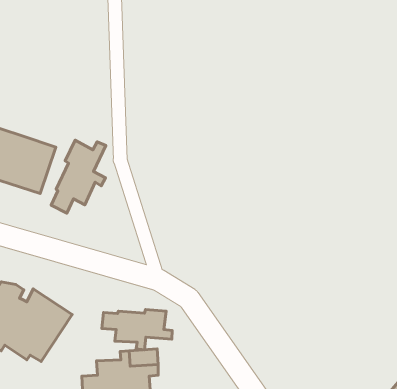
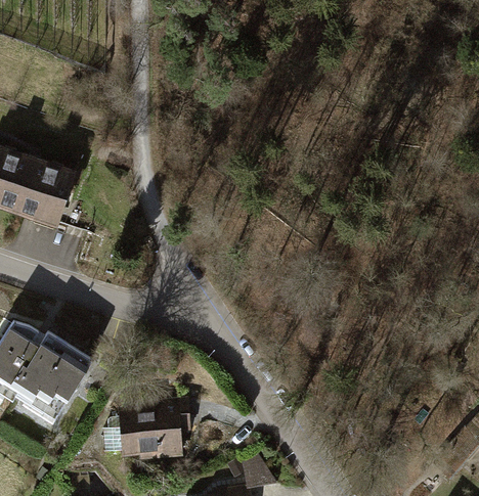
building: [51,140,106,213] -> none
building: [102,309,172,350] -> none

